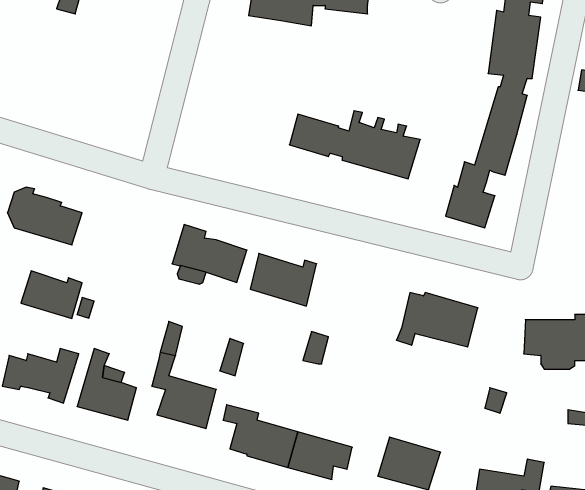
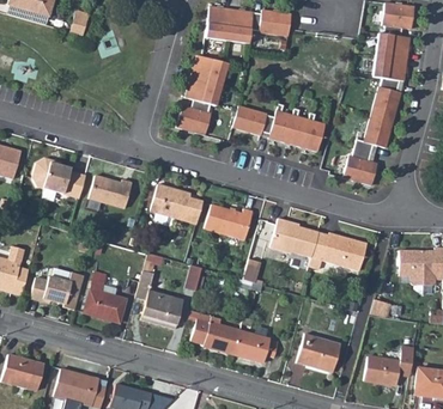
building: none -> [177,54,229,134]
building: [21,271,82,318] -> [90,173,133,207]
building: none -> [271,218,318,256]

